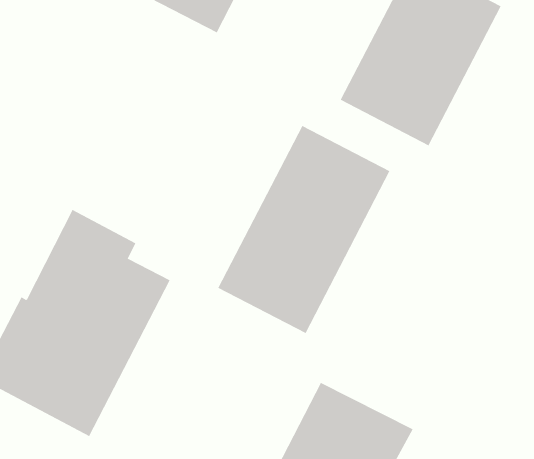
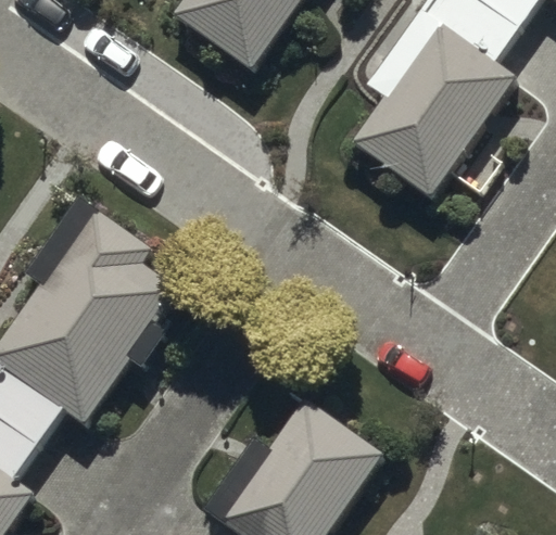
building: [217,125,390,334] -> none

